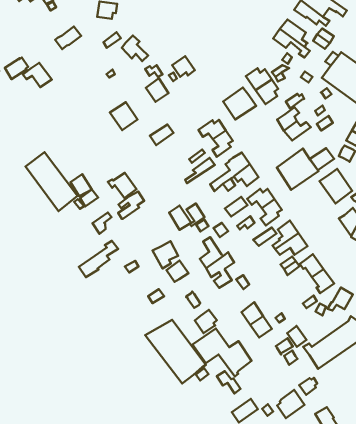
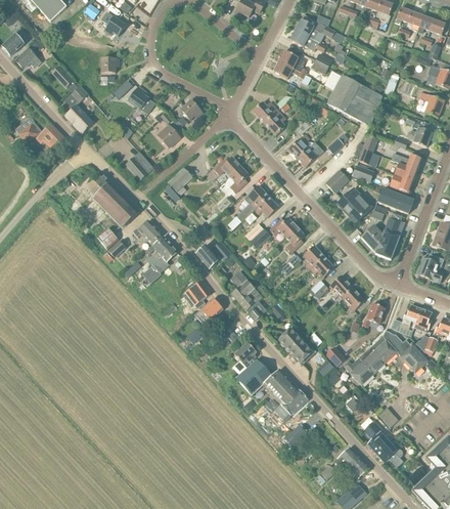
building: none -> [64,104,93,133]
building: [223,88,256,120] -> none
building: [277,149,318,190] -> none
building: [25,152,78,211] -> [85,173,139,228]
building: [79,241,118,277] -> [142,245,178,284]
building: [145,320,206,384] -> none
building: [277,390,305,418] -> [281,386,308,415]

